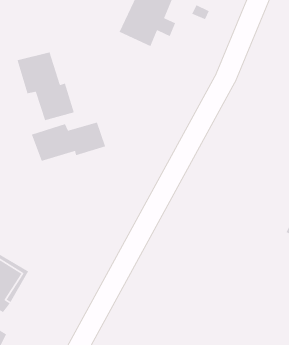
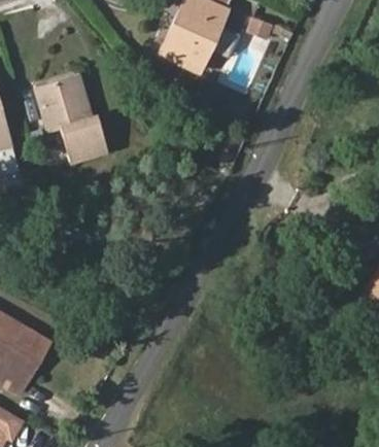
building: [31,122,106,162] -> none

